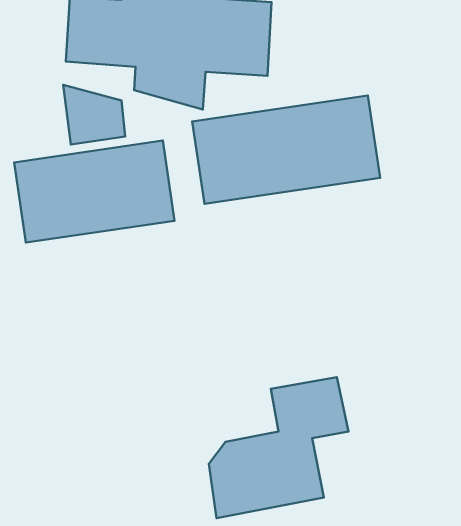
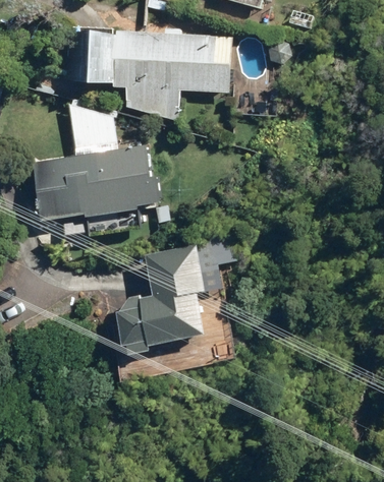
building: [192,96,380,204] -> none
building: [209,377,348,518] -> [113,241,223,352]

